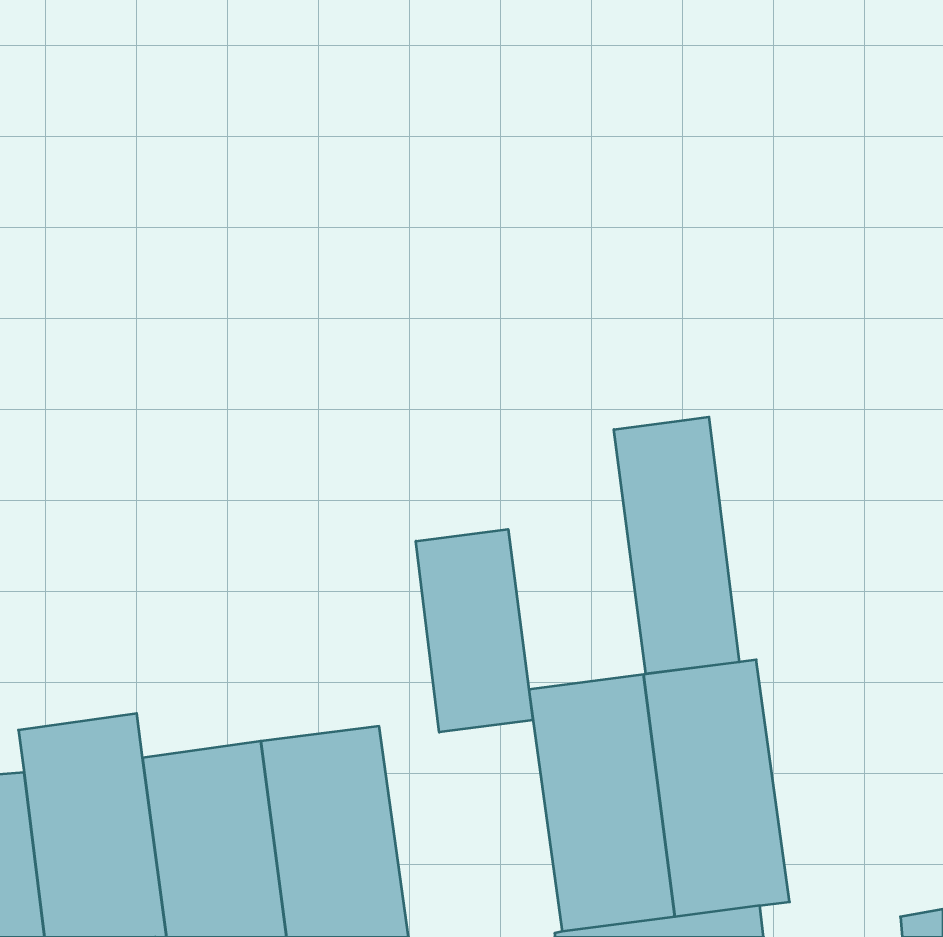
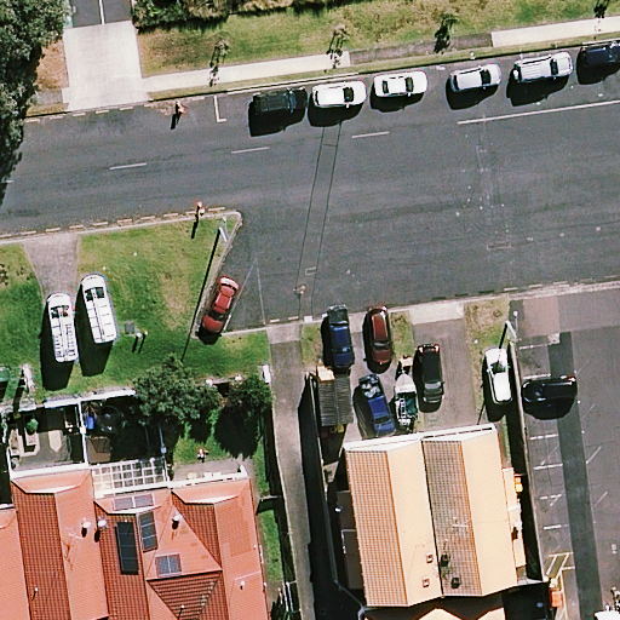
building: [614,417,739,674] -> none
building: [416,529,533,732] -> none

